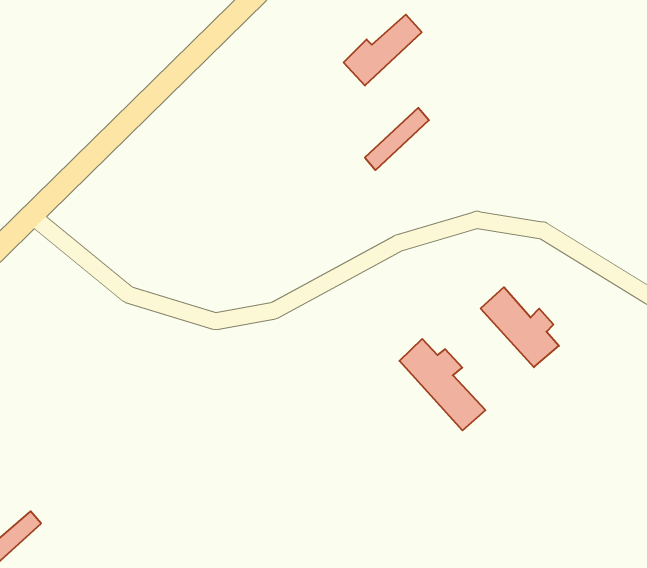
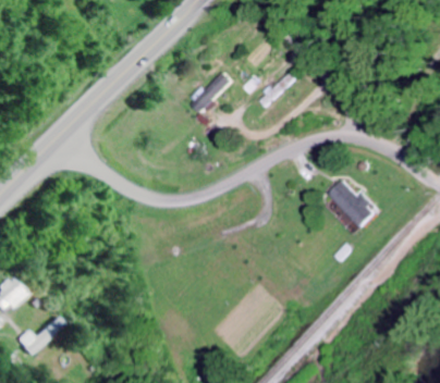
building: [344,15,422,86] -> [186,72,234,115]
building: [399,339,485,430] -> none

